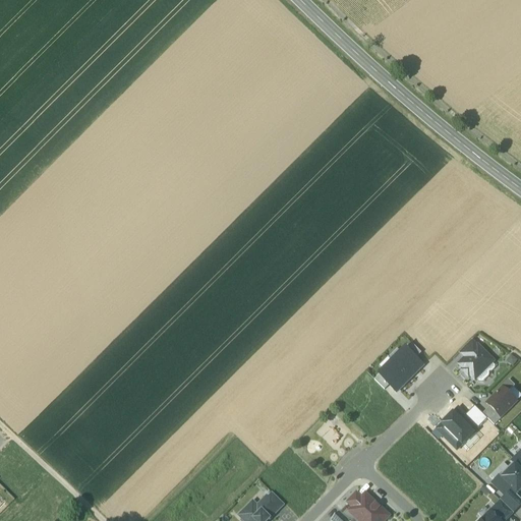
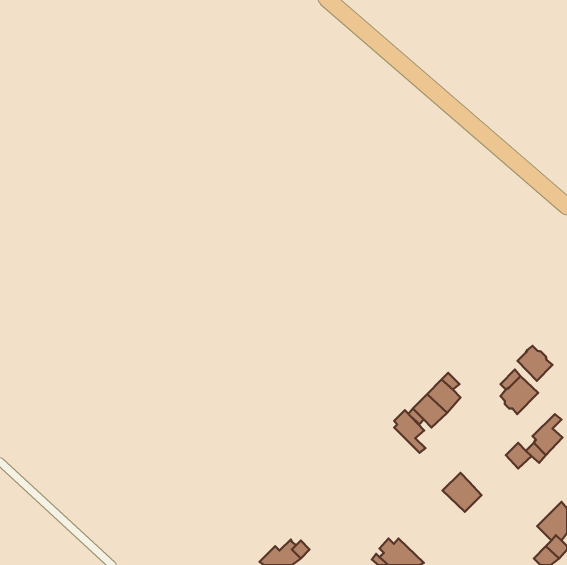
building: none -> [517,346,553,381]
building: none -> [394,410,426,453]
building: [440,409,475,445] -> [443,473,481,512]

